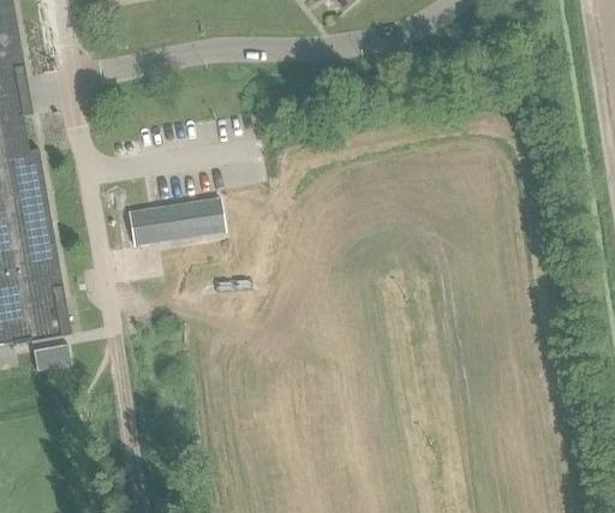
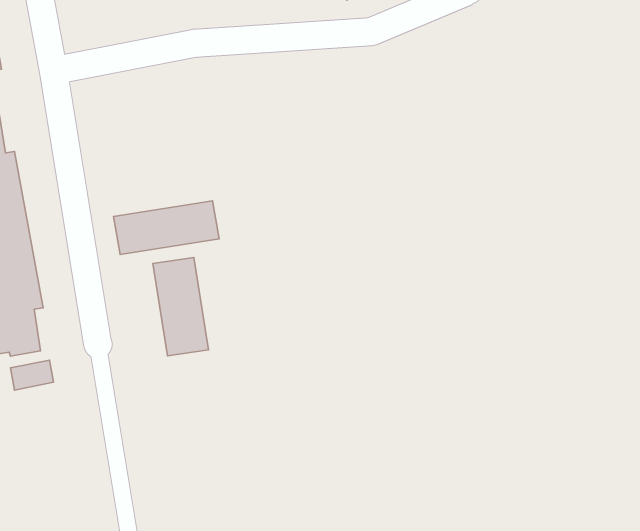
building: none -> [153,258,209,356]

